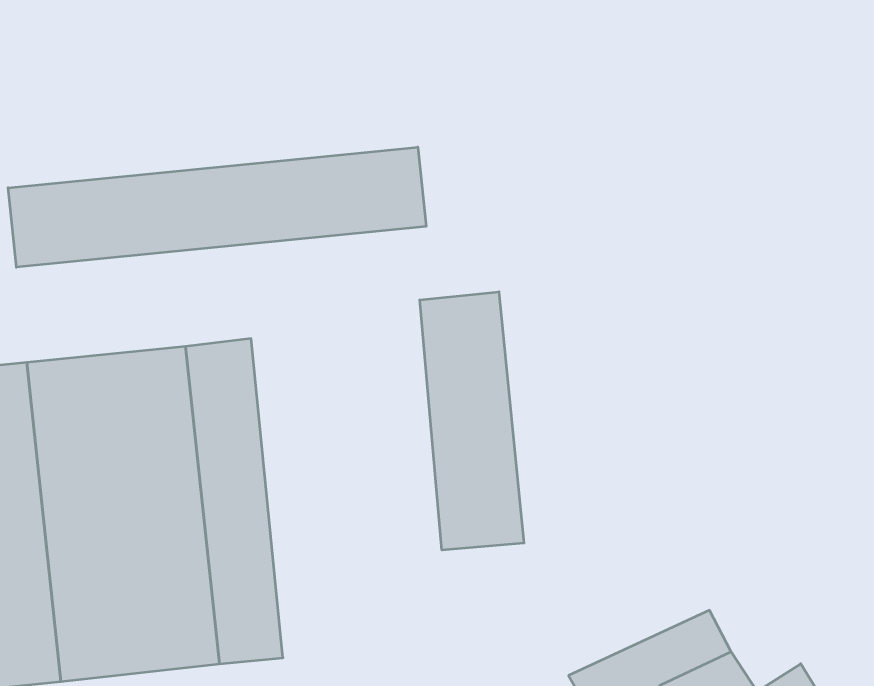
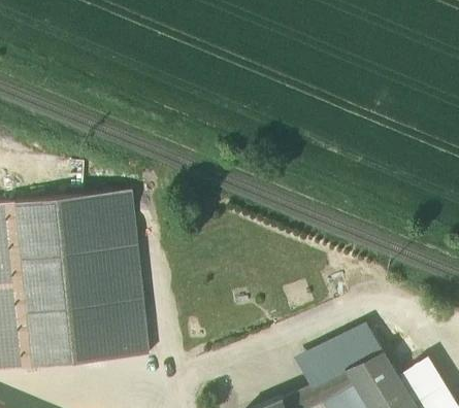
building: [8,147,426,267] -> none
building: [420,292,524,550] -> none

